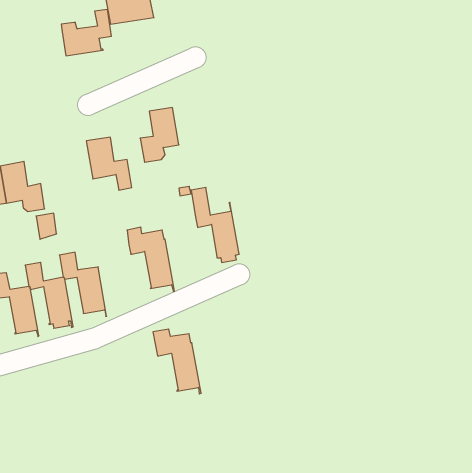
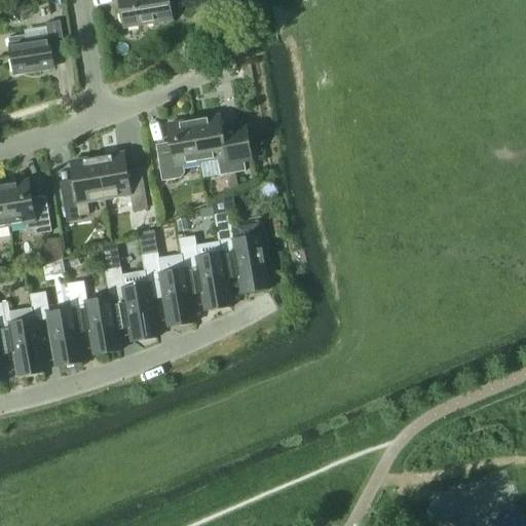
building: [61,9,111,56] -> [7,21,63,72]
building: none -> [191,115,254,175]
building: none -> [60,156,103,222]
building: none -> [177,235,230,307]
building: [153,329,201,394] -> [103,266,156,338]

